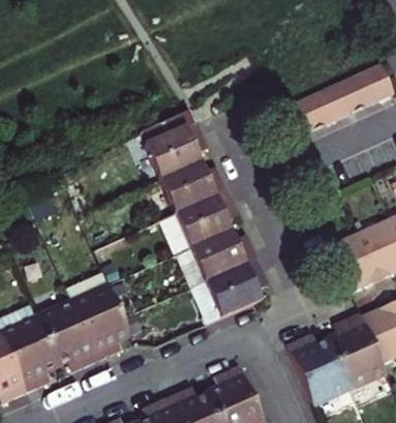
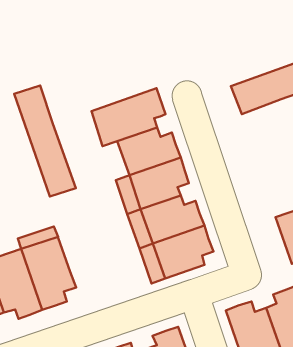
building: none -> [14,85,76,197]

